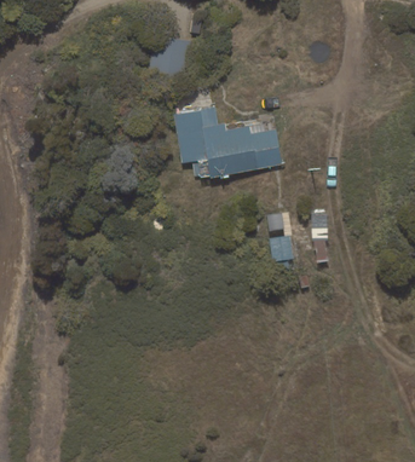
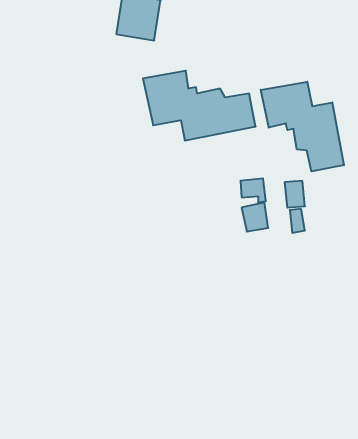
building: none -> [261,82,344,171]

